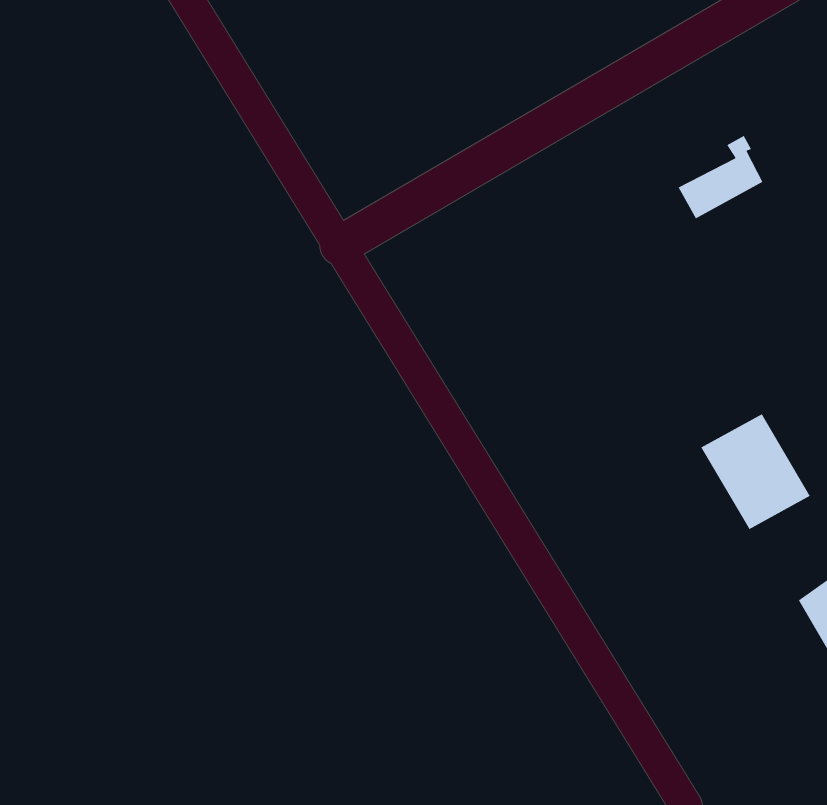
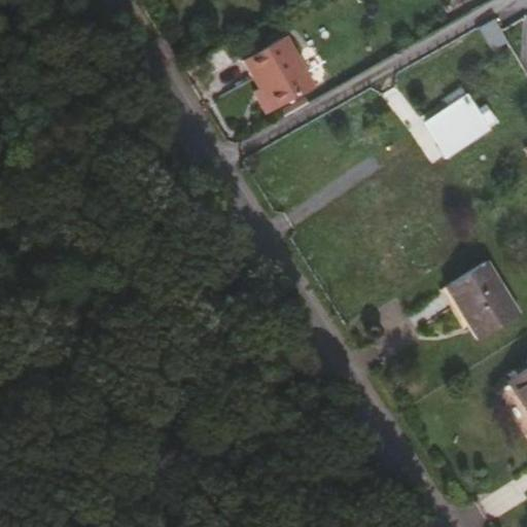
building: none -> [250,43,316,112]

